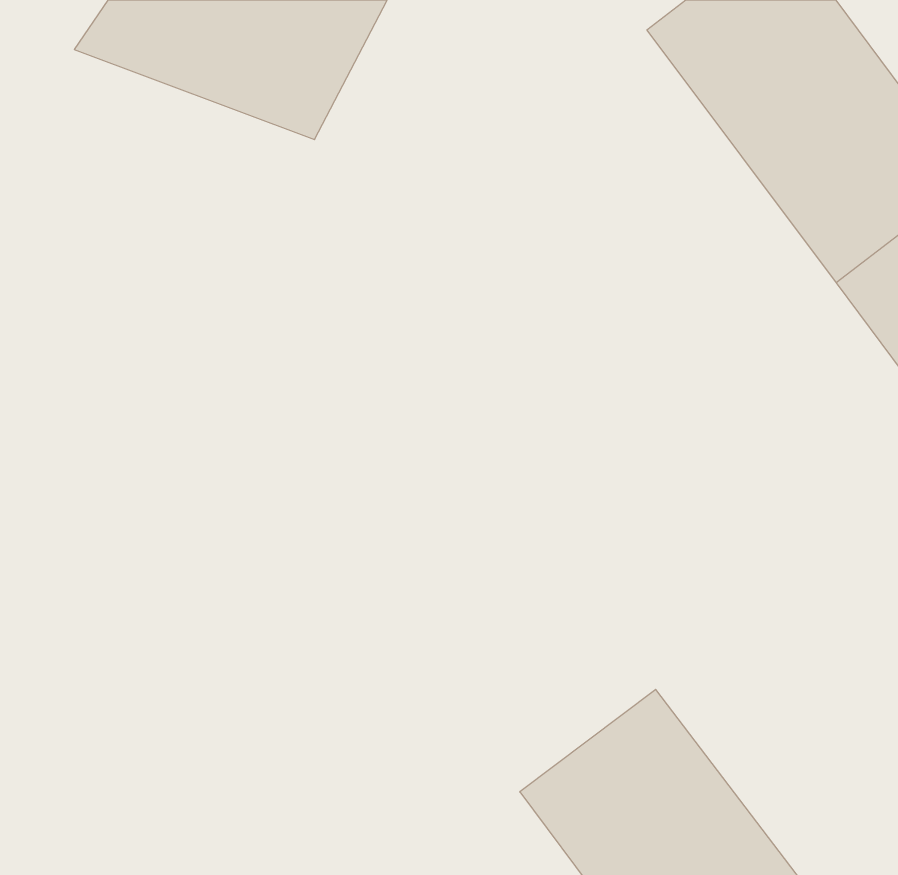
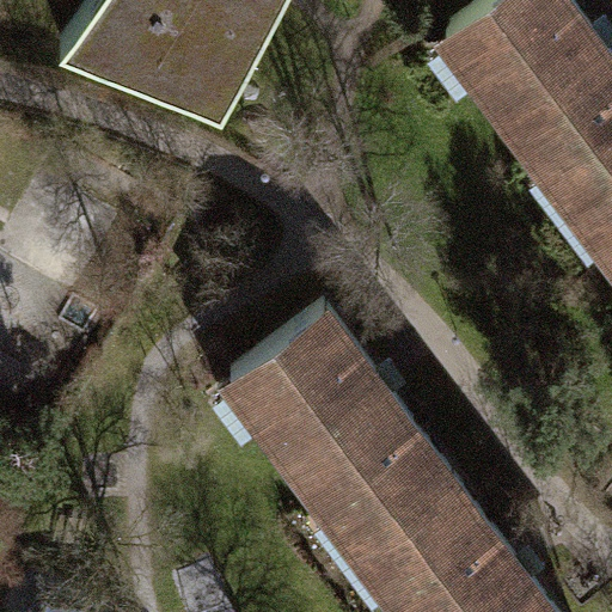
building: none -> [225,313,447,555]

